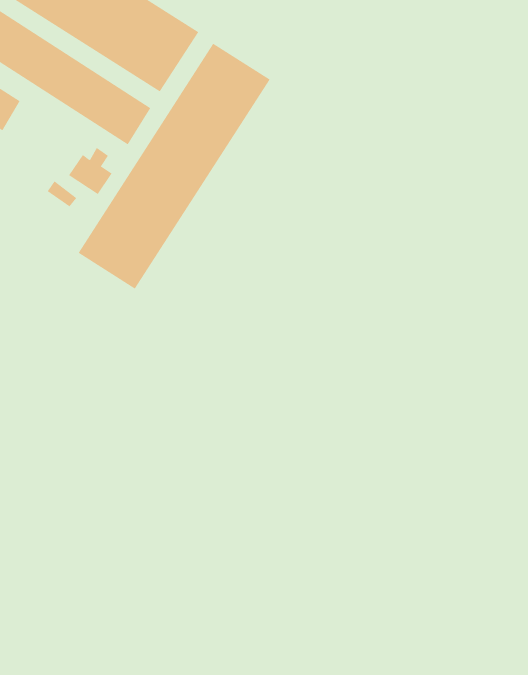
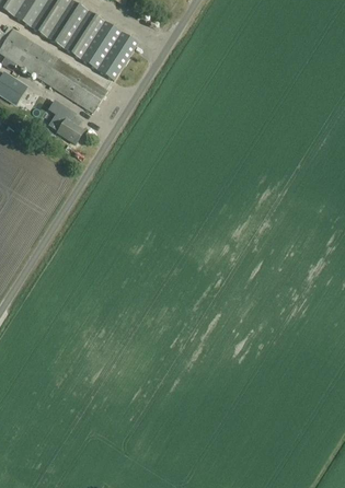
building: [78,43,270,289] -> none

